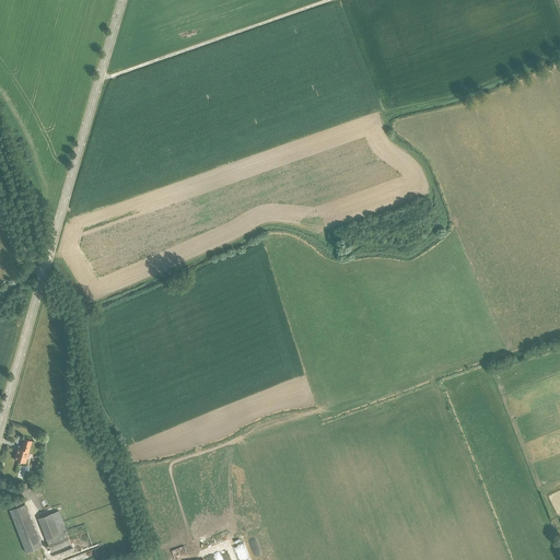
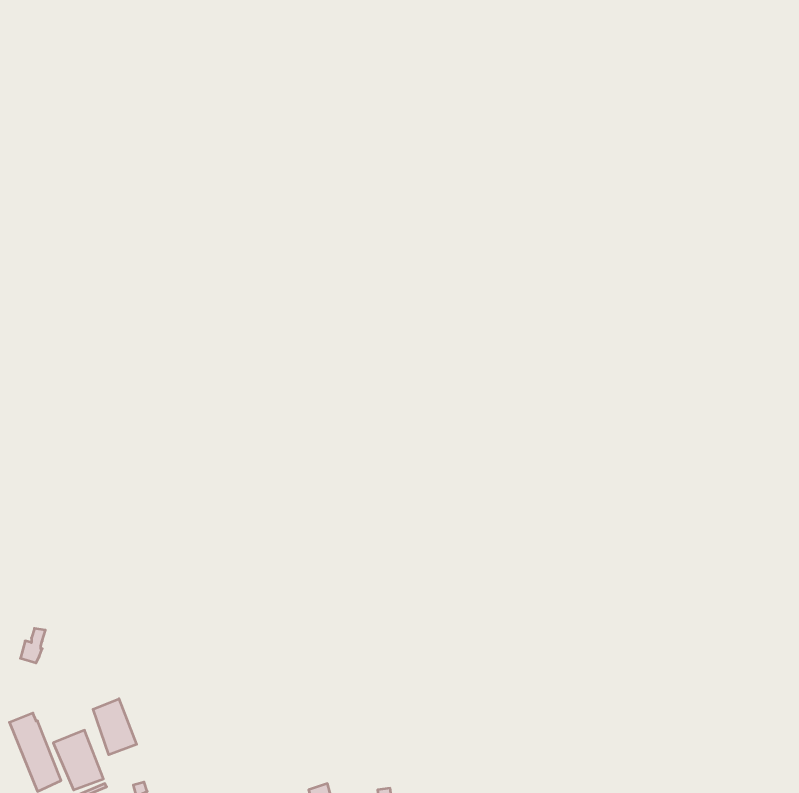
building: none -> [93,699,137,755]

